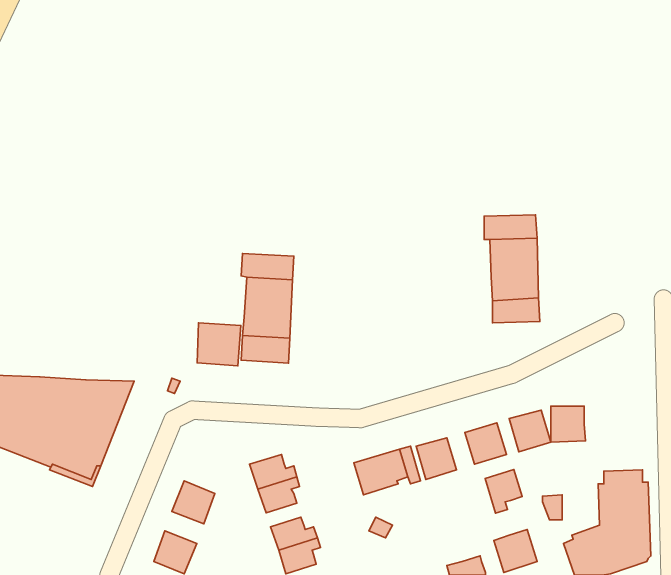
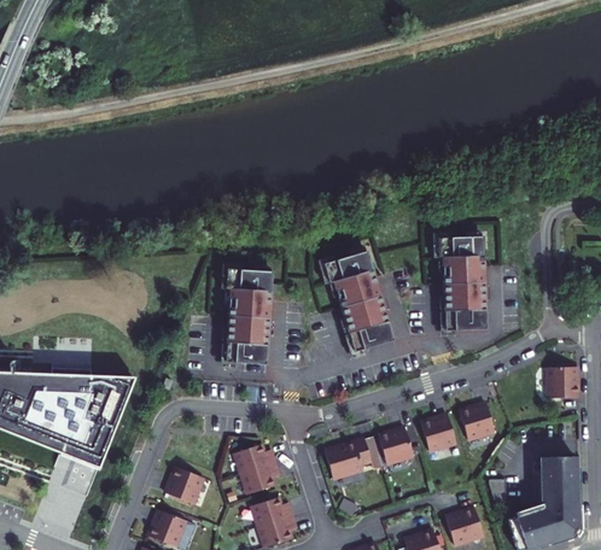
building: none -> [322,248,393,351]
building: [197,323,241,366] -> none
building: [551,406,586,442] -> [548,367,578,398]
building: [485,469,522,513] -> none

